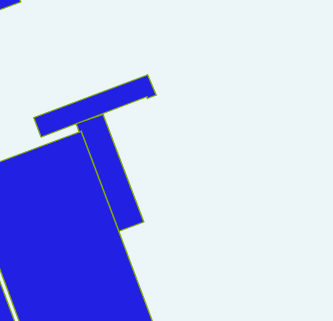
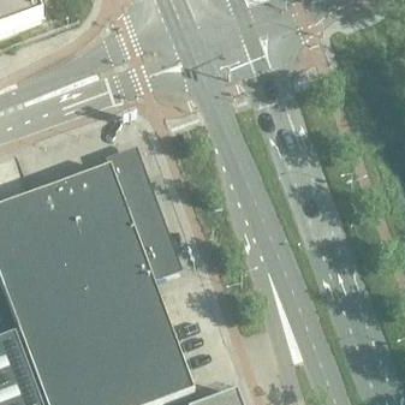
building: [34,75,156,137] -> none

